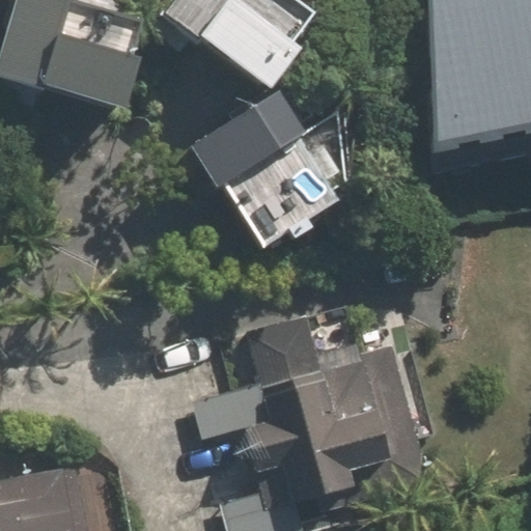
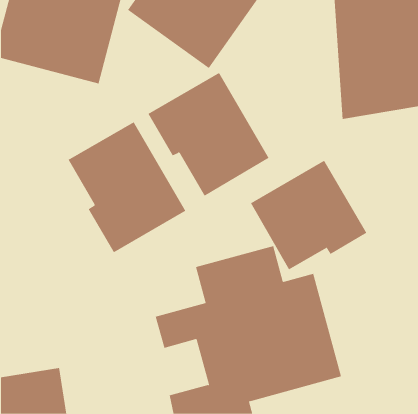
building: none -> [68,122,186,253]
building: none -> [250,160,367,270]

